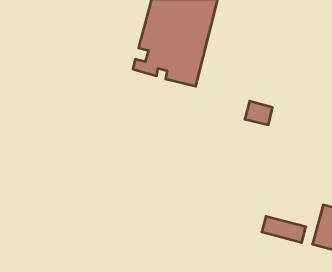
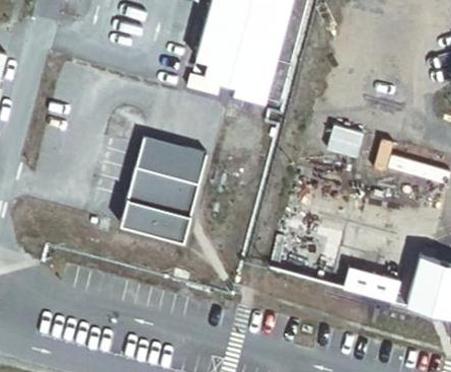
building: none -> [119,139,208,247]

